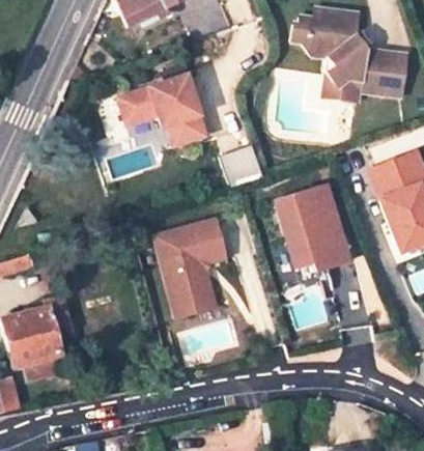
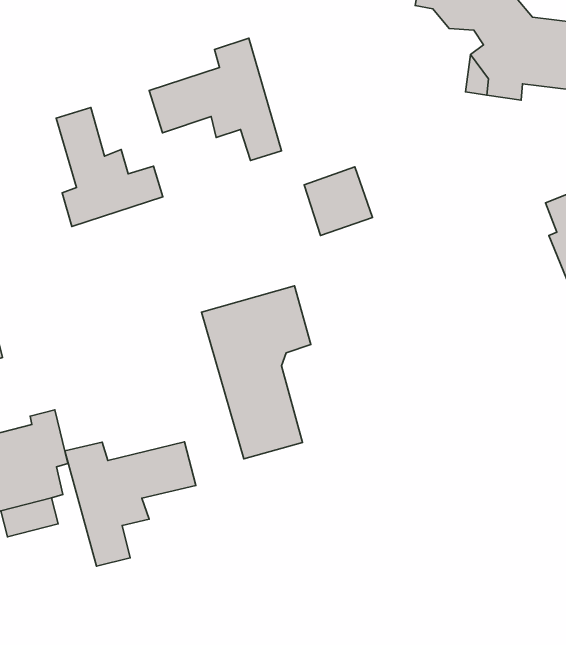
building: none -> [56,108,163,227]
building: [274,185,348,286] -> none
building: none -> [65,442,196,566]

